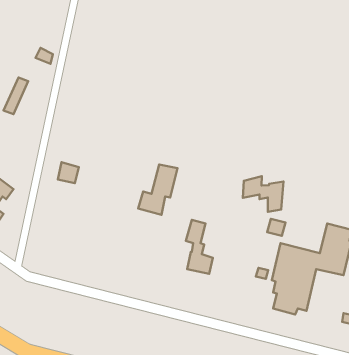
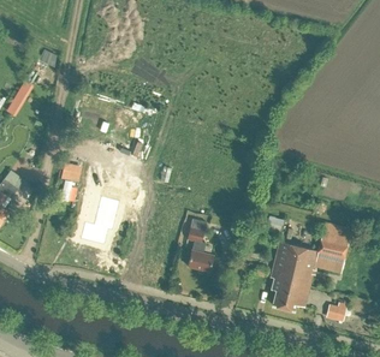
building: [138,164,178,215] -> [78,196,117,245]
building: [243,176,284,212] -> none

